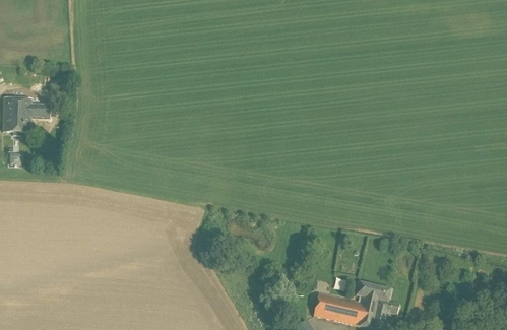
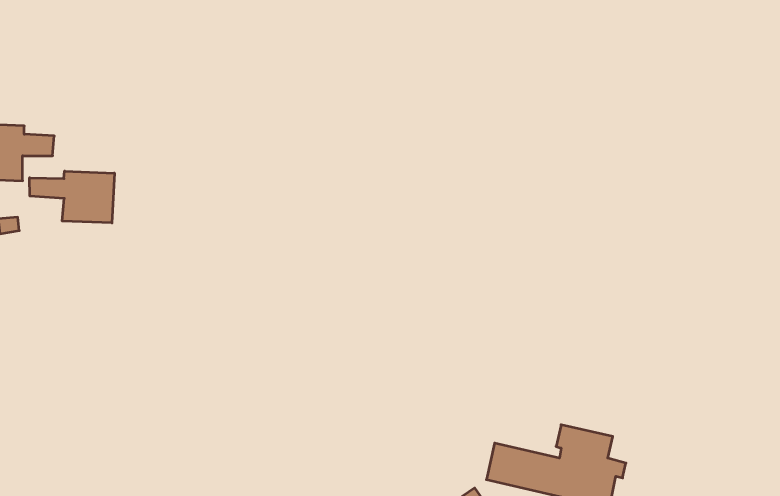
building: none -> [30,171,114,223]

